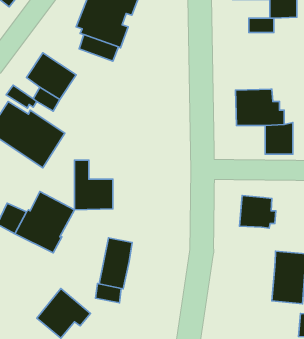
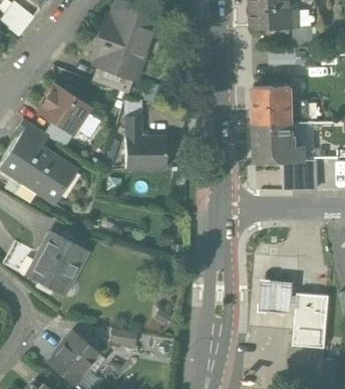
building: none -> [254,86,292,124]
building: [74,160,113,210] -> [124,117,164,169]
building: [239,196,276,228] -> [259,279,297,314]
building: [99,238,132,289] -> none

